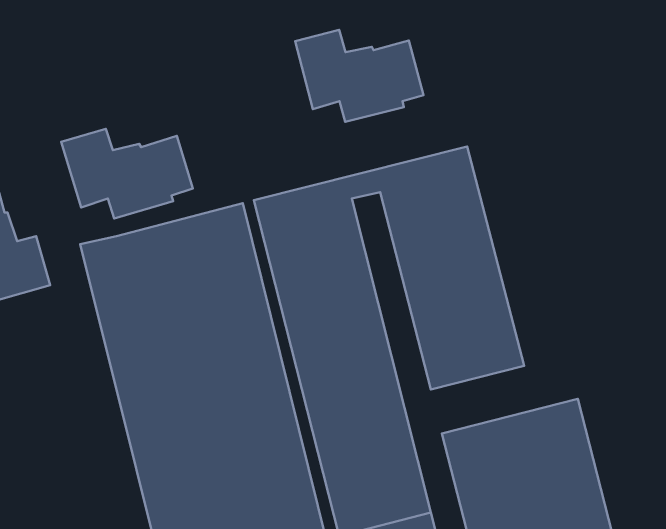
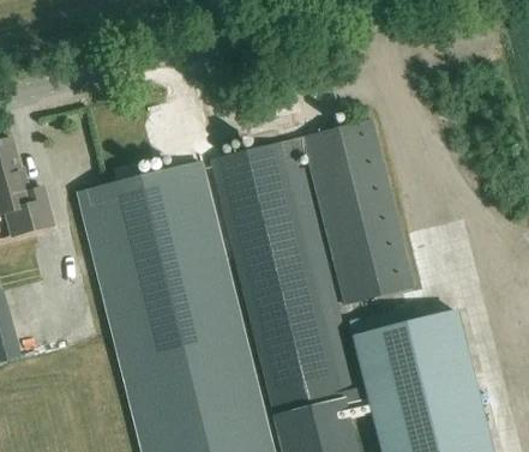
building: [295,30,423,122] -> none
building: [61,129,193,218] -> none

